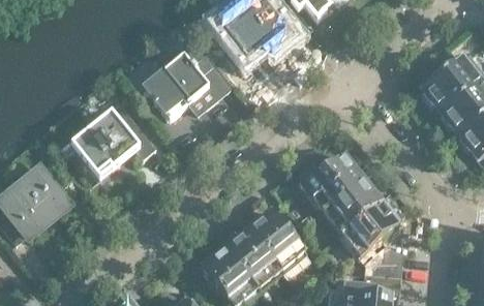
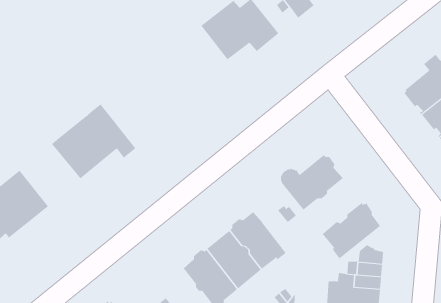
building: [146,48,230,117] -> none
building: [323,178,382,234] -> none

